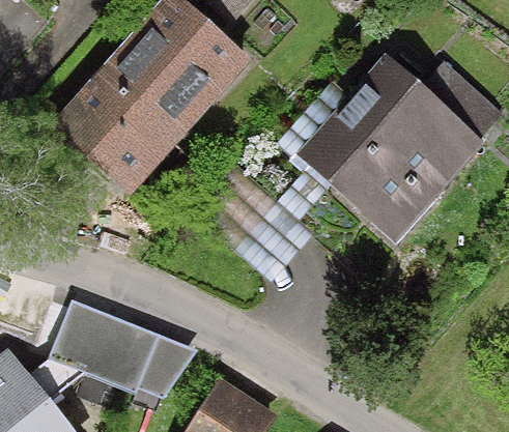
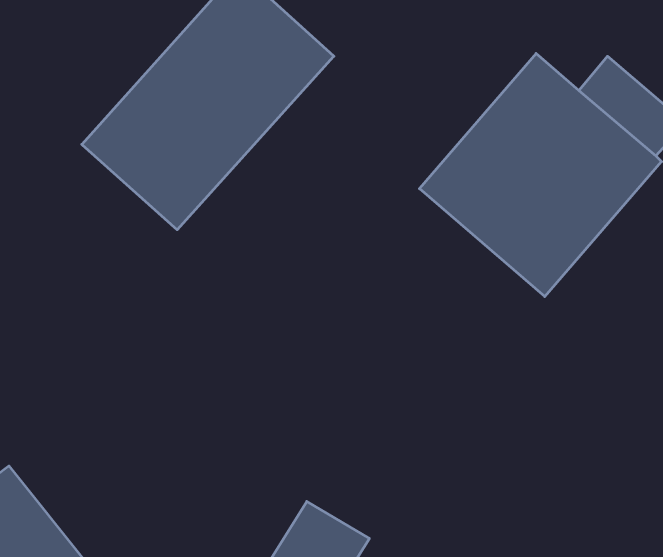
building: [55,306,171,398] -> none

